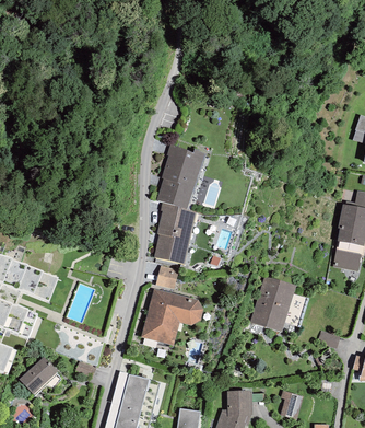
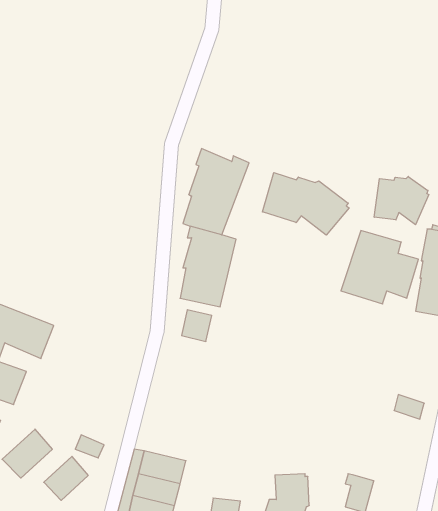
building: none -> [262,173,349,235]
building: none -> [374,176,429,225]
building: [249,277,308,333] -> [341,231,418,304]
building: [141,289,202,346] -> none
building: none -> [44,456,88,500]

